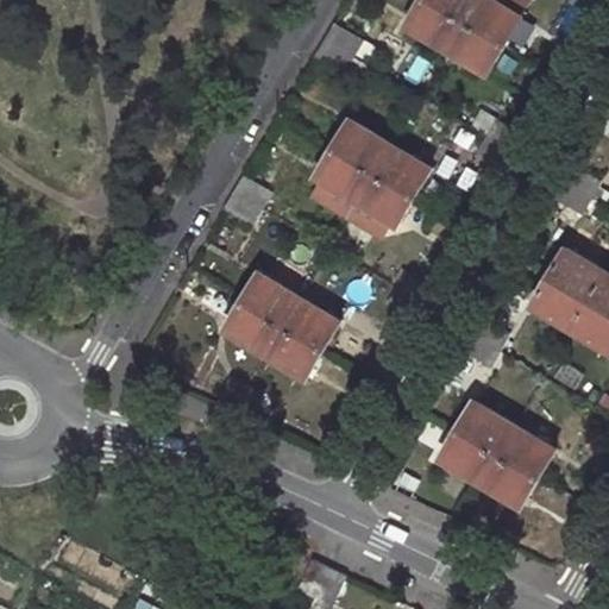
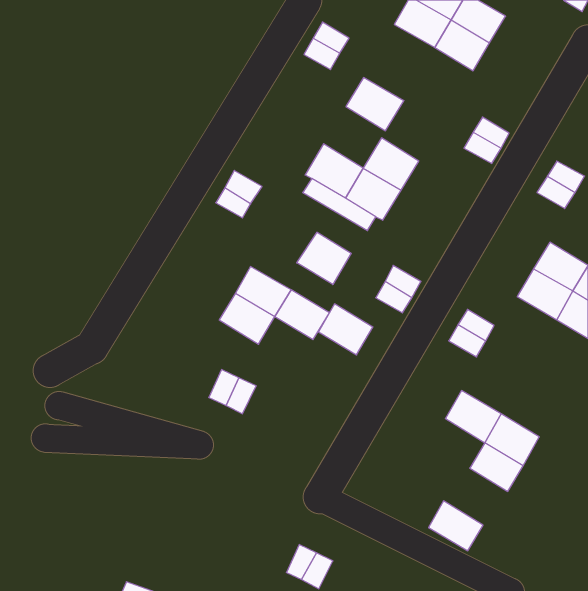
building: [332,119,391,174] -> [346,78,404,131]
building: none -> [297,232,351,285]
building: [265,326,321,378] -> [318,304,373,355]
building: [441,431,497,482] -> [429,501,483,551]

